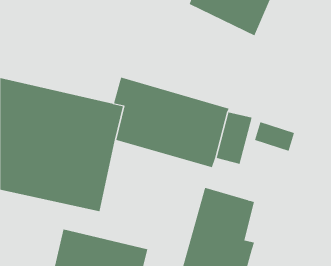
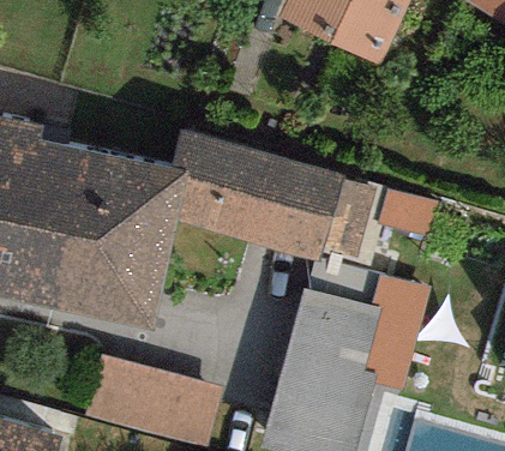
building: none -> [365,276,427,390]

